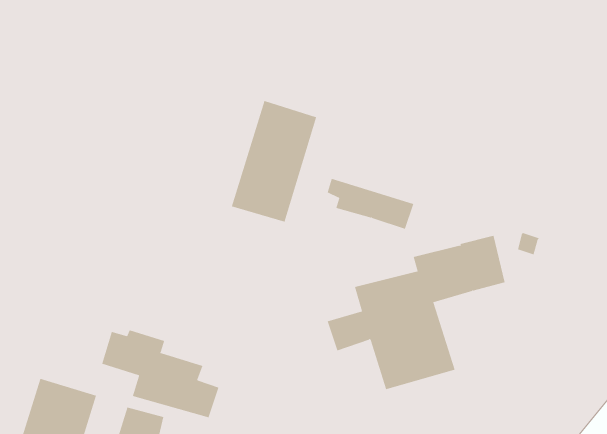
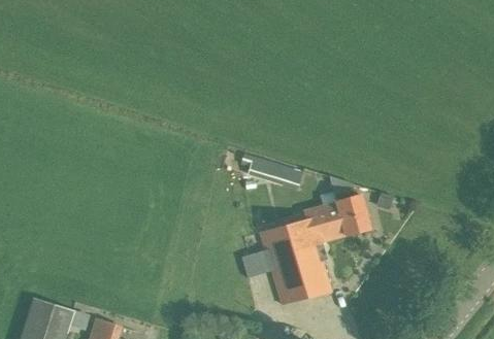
building: [231,100,317,222] -> none
building: [102,330,219,418] -> none

